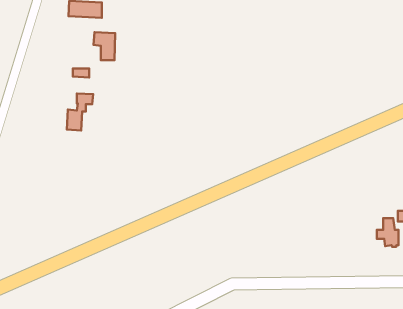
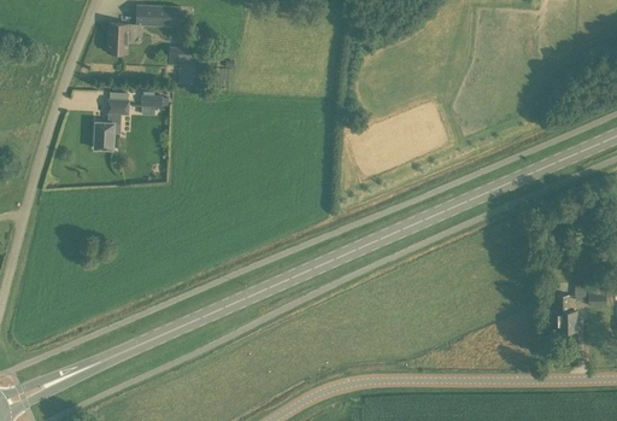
building: none -> [107,24,128,53]
building: [67,93,93,130] -> [94,100,129,150]

